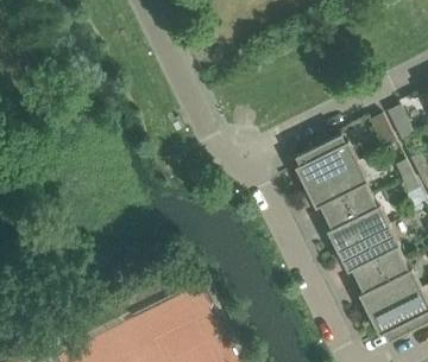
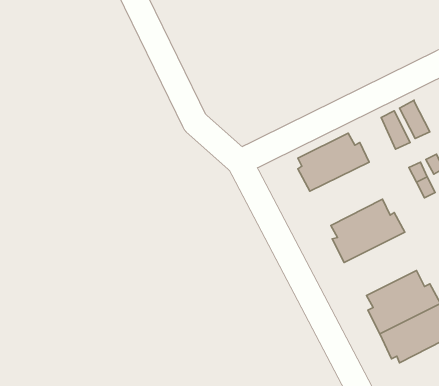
building: [304,160,370,217] -> none
building: [335,223,401,280] -> none

